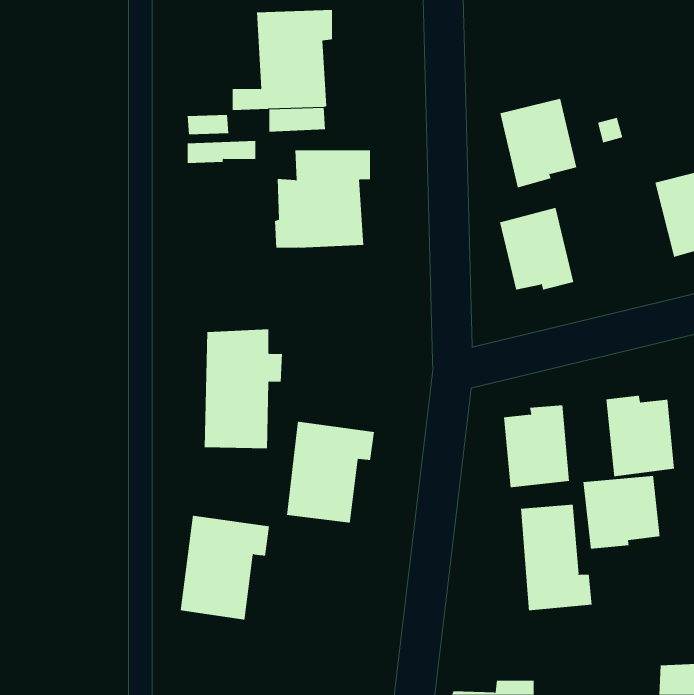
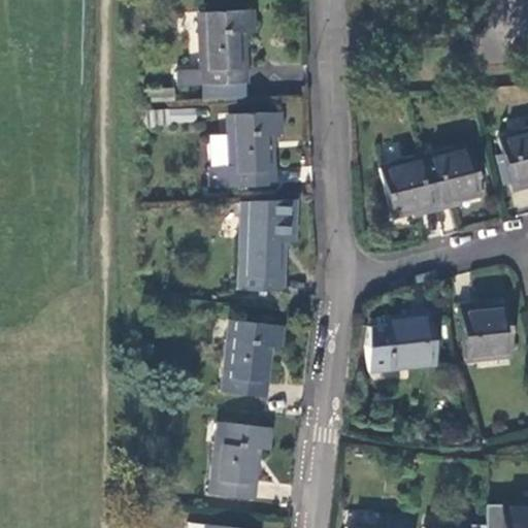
building: [500,98,577,188] -> [423,145,482,213]
building: [204,329,283,449] -> [237,200,297,291]
building: [583,475,660,549] -> none
building: [521,504,592,611] -> none
building: [180,515,270,620] -> [206,422,274,501]

